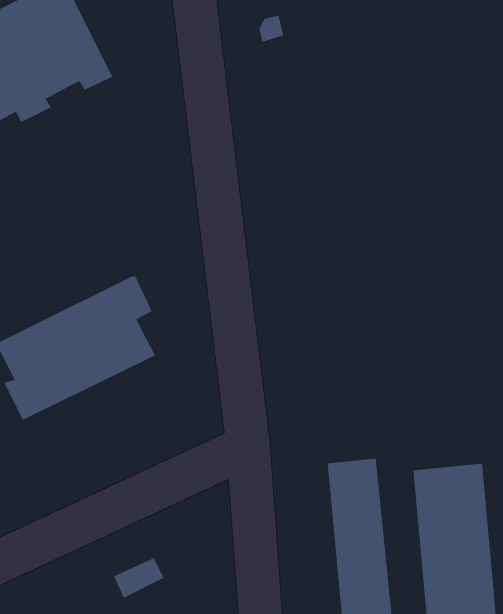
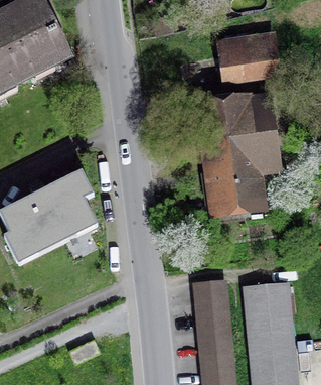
building: none -> [218,40,273,76]
building: none -> [204,98,273,212]

